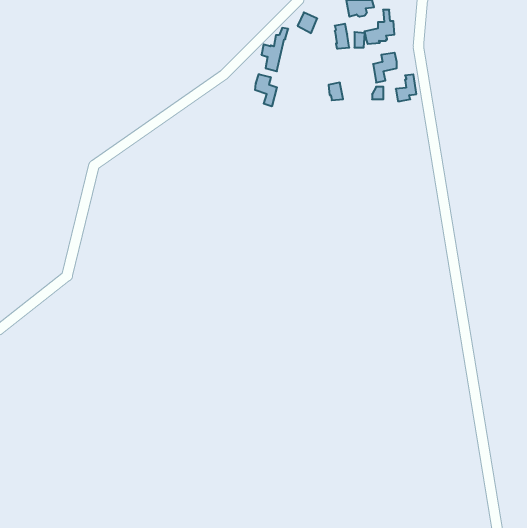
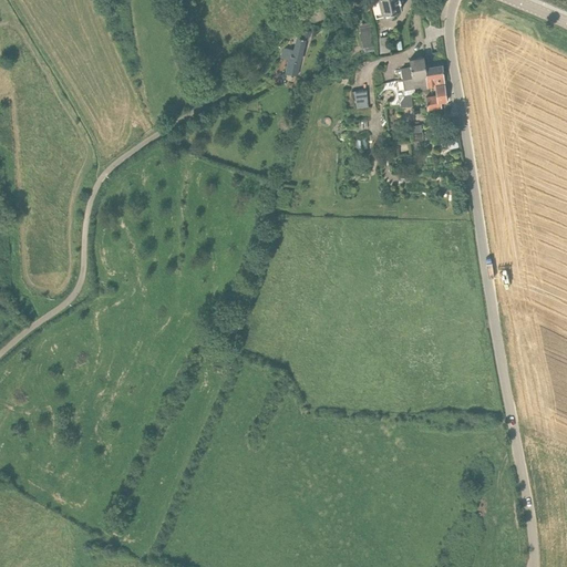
building: [364,10,394,44] -> [411,53,443,90]
building: [255,74,277,106] -> none

